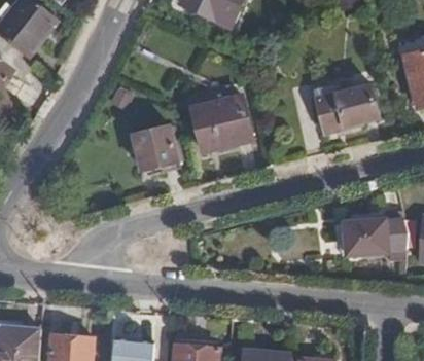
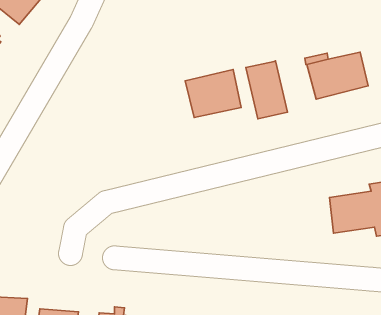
building: none -> [246,61,287,119]
building: [132,122,177,167] -> none

